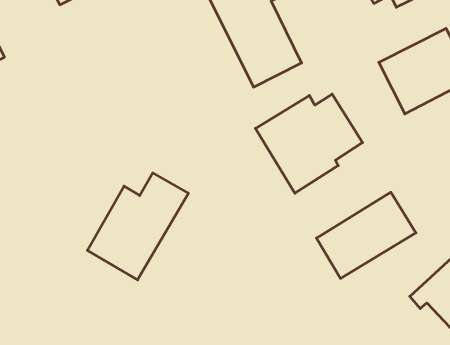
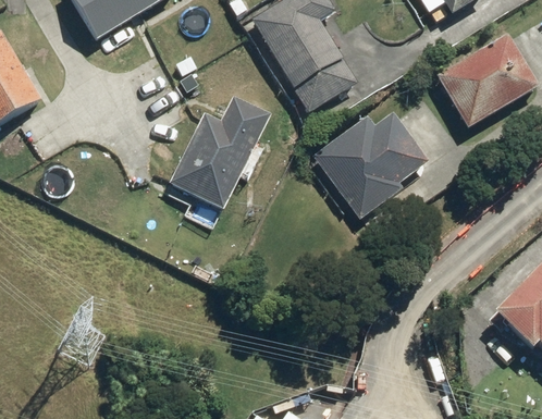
building: [87,173,188,280] -> [169,96,271,210]
building: [316,192,416,278] -> none

